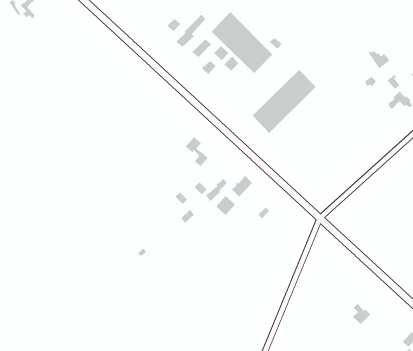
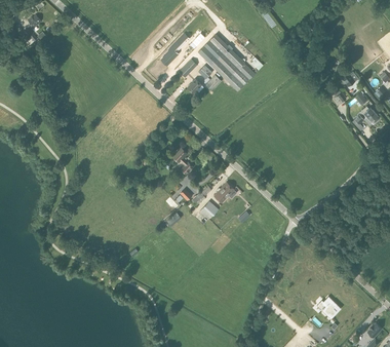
building: [252,69,316,134] -> none

